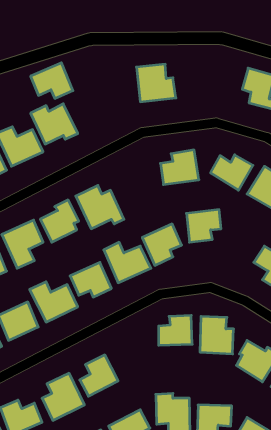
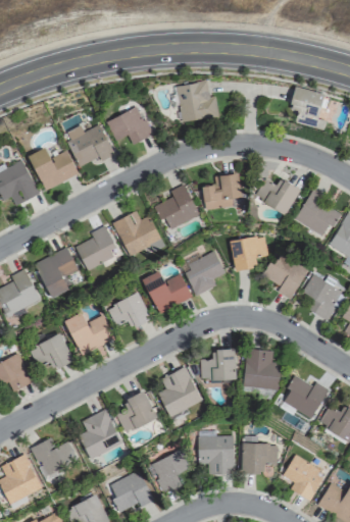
building: [31,63,73,98] -> [107,106,152,144]
building: none -> [154,184,200,228]
building: none -> [263,254,307,299]
building: none -> [159,366,202,416]

